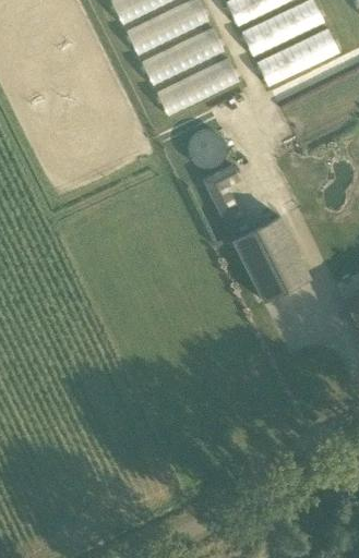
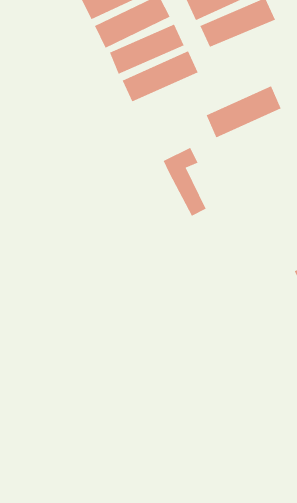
building: [256,28,339,86] -> [206,85,281,138]
building: [188,126,227,168] -> none
building: [232,217,310,302] -> none

